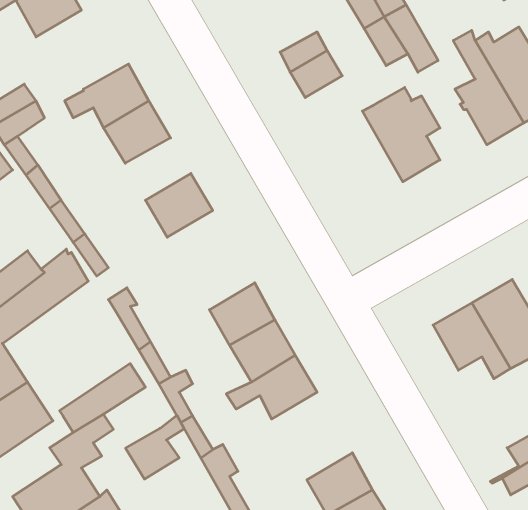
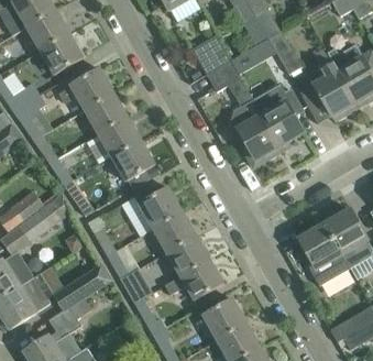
building: none -> [40,33,84,75]
building: none -> [232,90,279,167]
building: none -> [98,117,141,157]
building: none -> [139,187,183,229]
building: [126,415,184,479] -> none
building: none -> [202,298,246,340]

